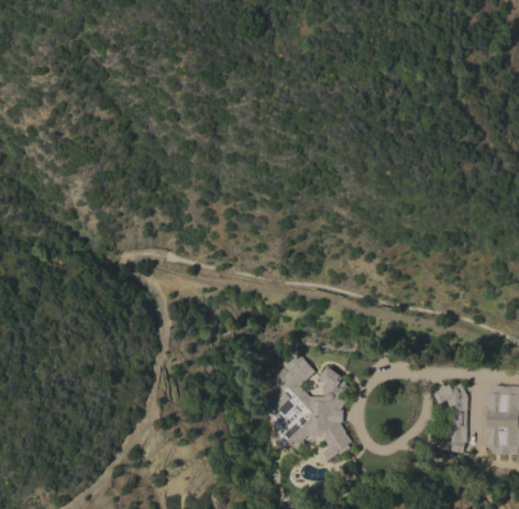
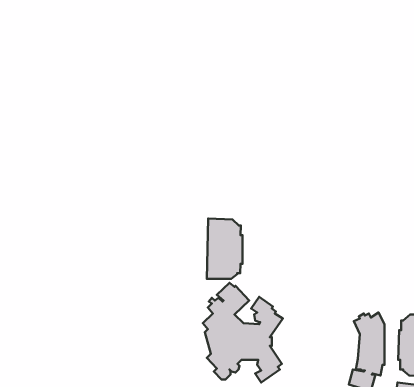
building: none -> [207,219,242,279]

